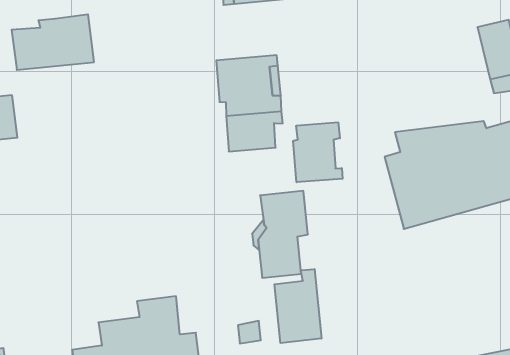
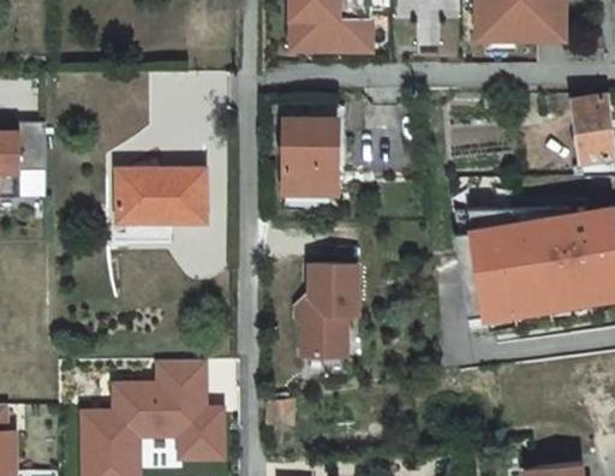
building: [12,14,94,70] -> [115,167,204,221]
building: [293,122,343,182] -> none
building: [274,269,321,343] -> none

